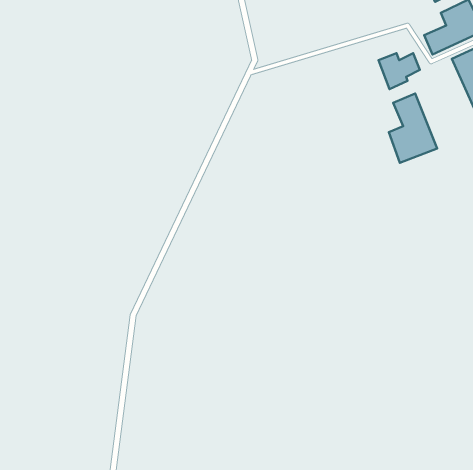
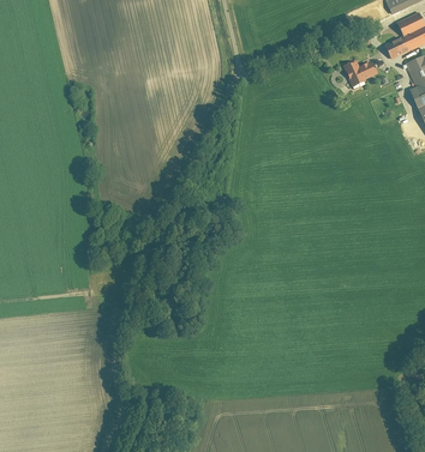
building: [389,93,437,163] -> none

